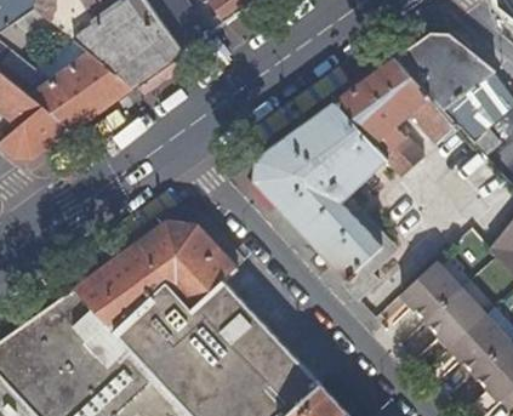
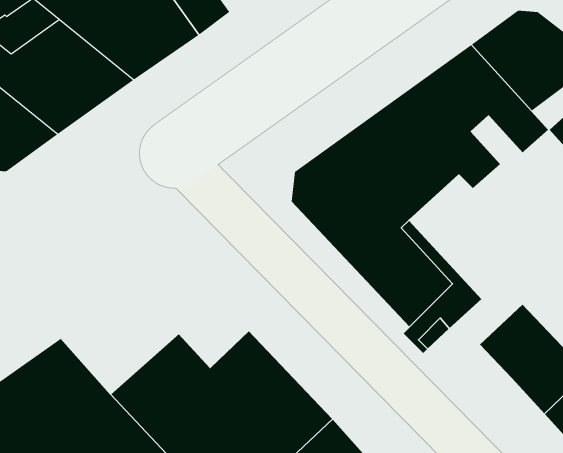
building: [75,221,235,331] -> none

